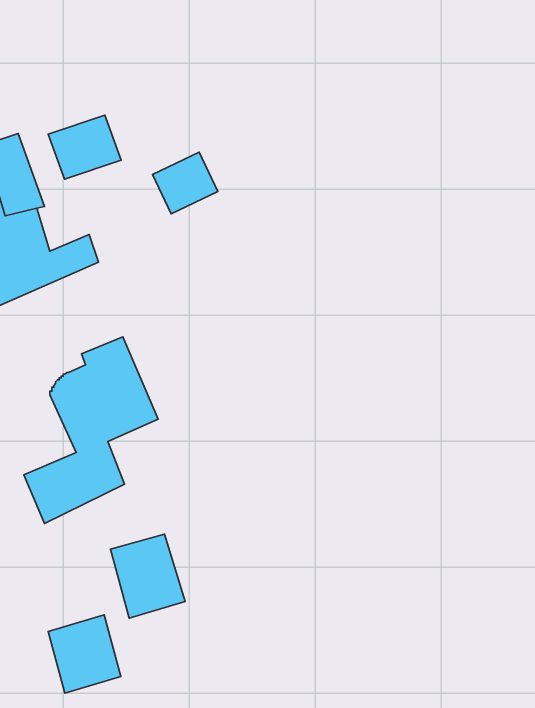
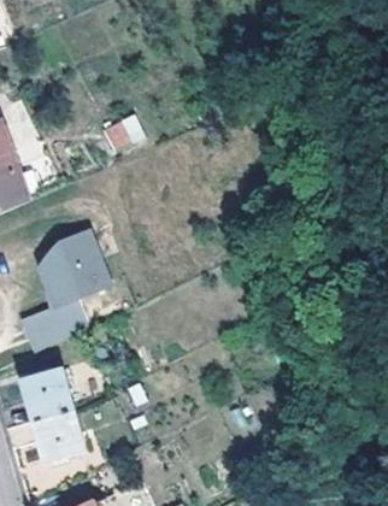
building: [48,115,121,179] -> none
building: [111,534,185,618] -> [20,369,69,423]

